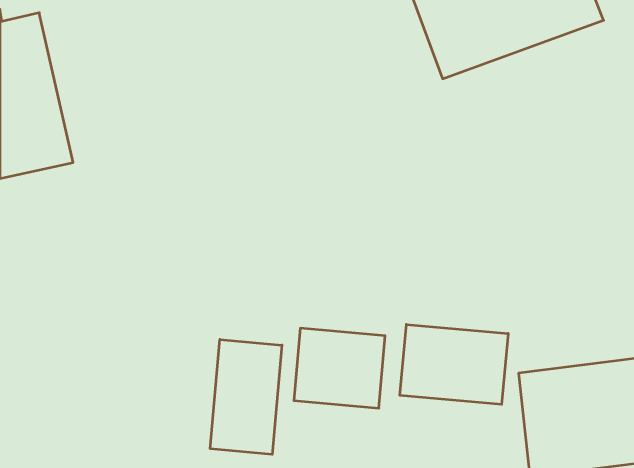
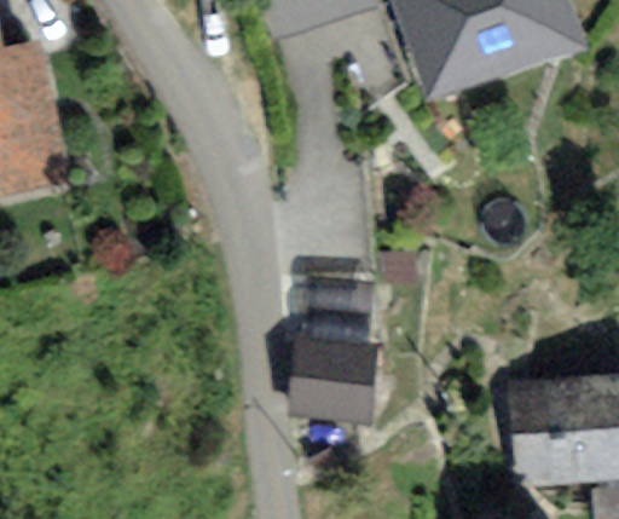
building: [400,324,508,404] -> none
building: [210,339,282,454] -> none

